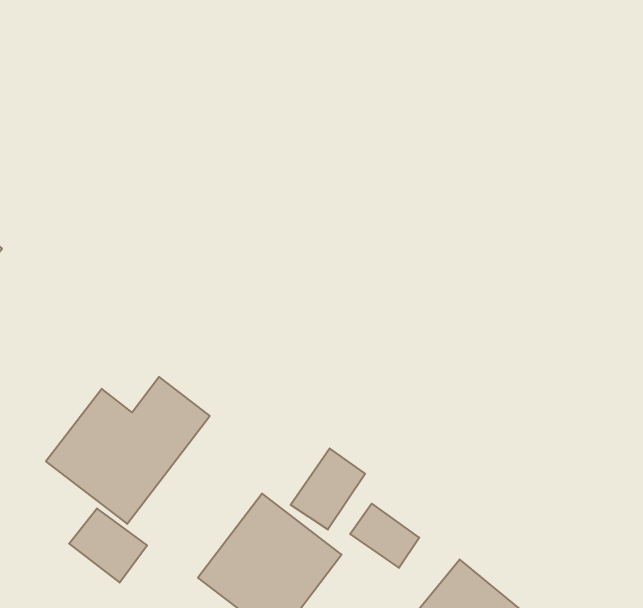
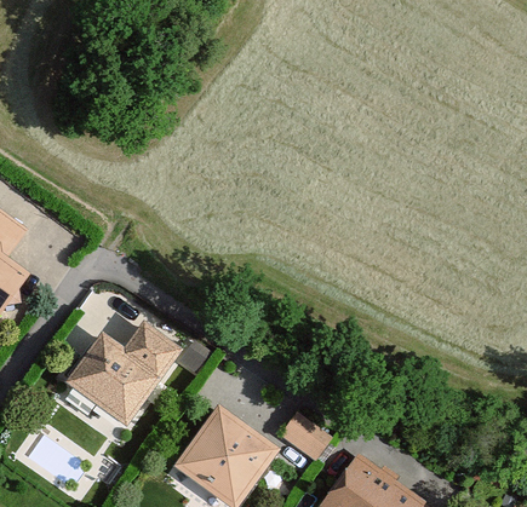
building: [291,448,365,530] -> none
building: [69,508,147,583] -> none

